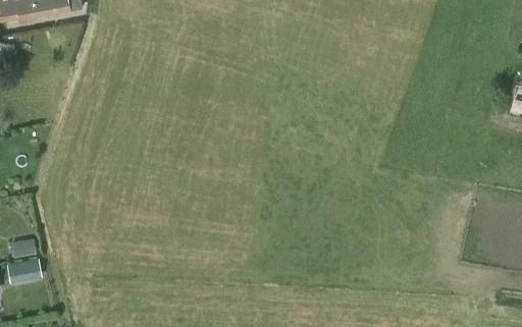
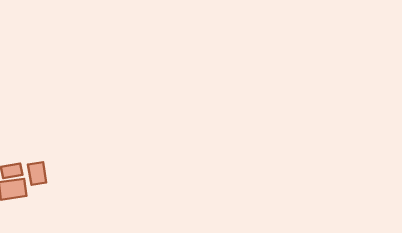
building: none -> [28,162,46,185]

